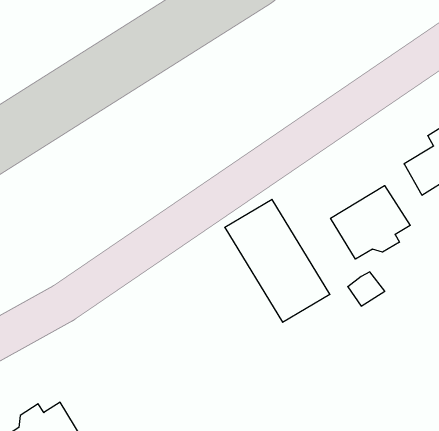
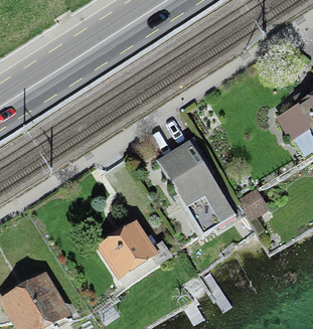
building: [331,186,410,259] -> none
building: none -> [103,223,154,275]

